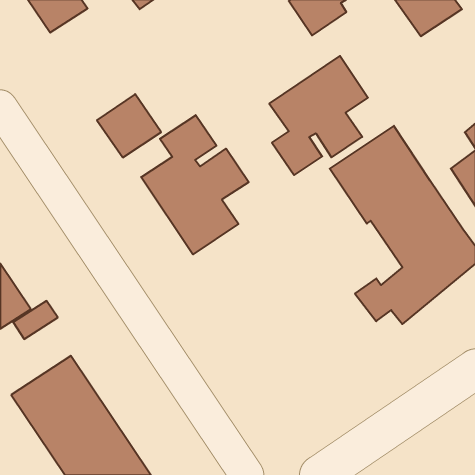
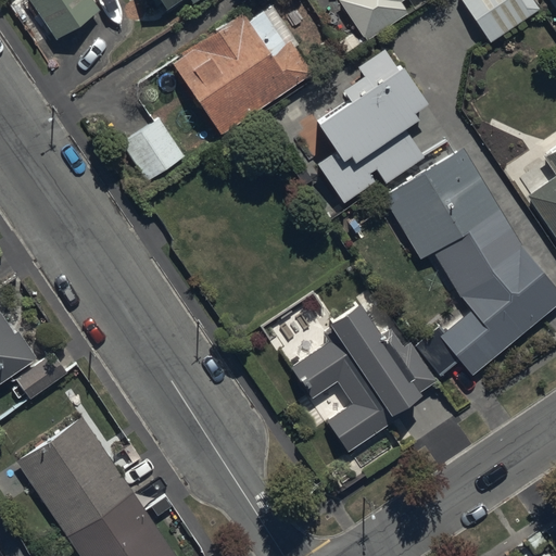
building: none -> [168,12,314,137]
building: [141,115,249,254] -> none
building: none -> [291,305,438,455]

